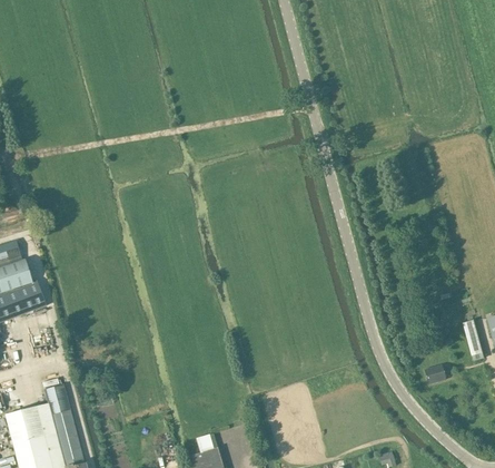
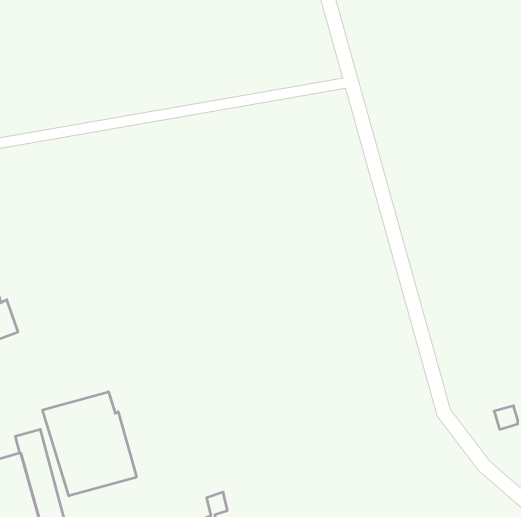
building: none -> [43,392,136,496]

